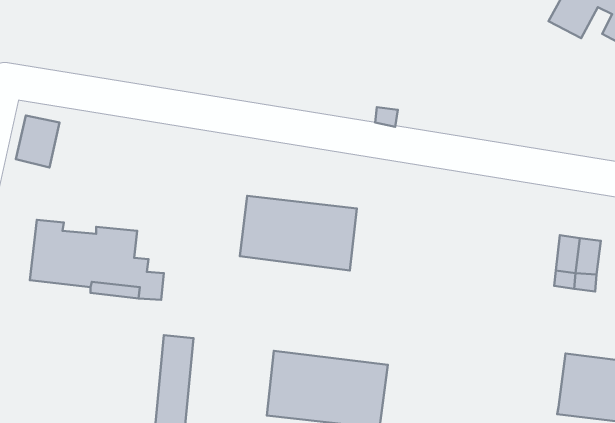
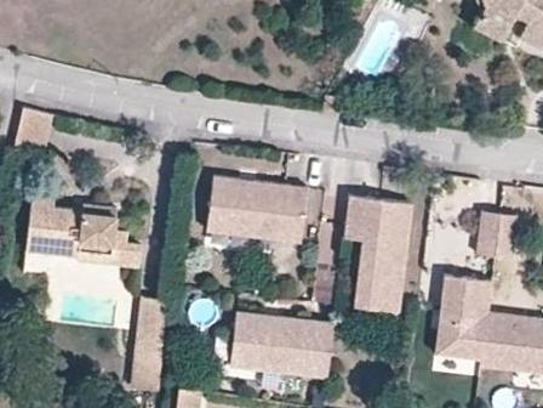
building: none -> [345,195,413,312]
building: none -> [435,274,491,359]

